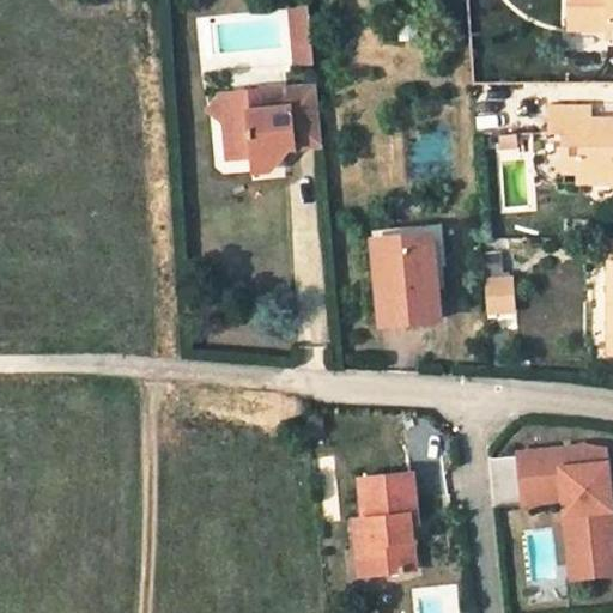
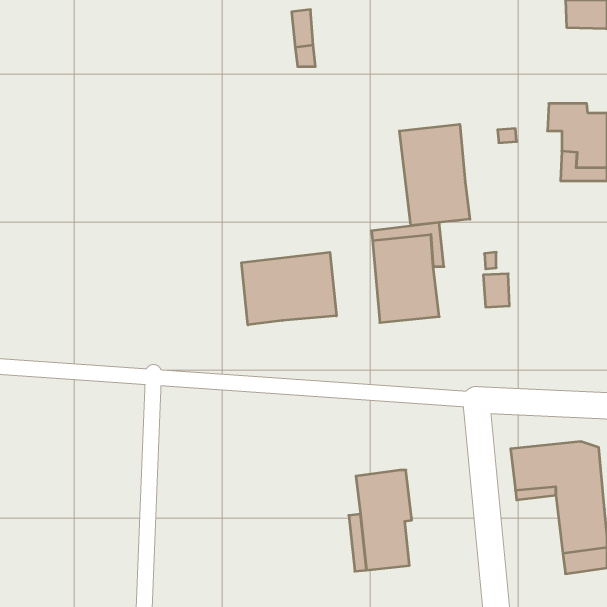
building: [210,91,324,169] -> none
building: none -> [399,124,470,226]
building: none -> [242,252,336,325]

